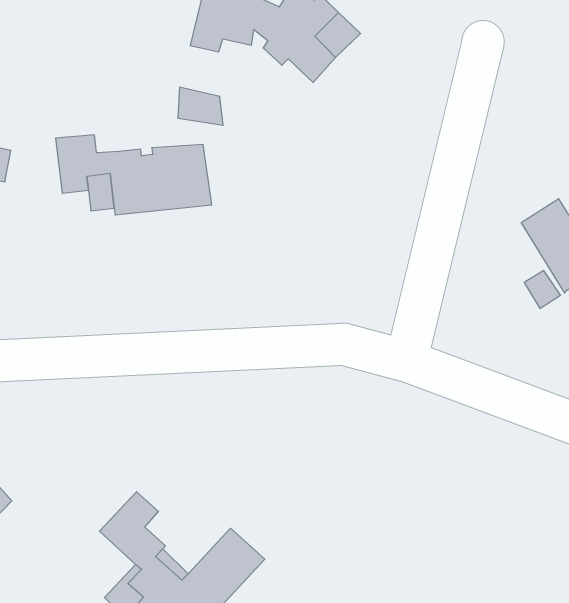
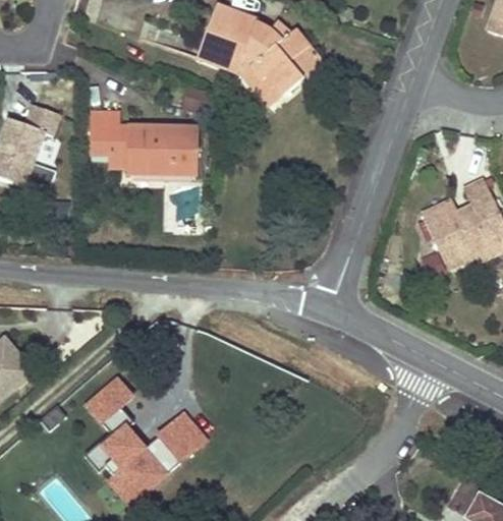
building: none -> [217,50,283,106]

